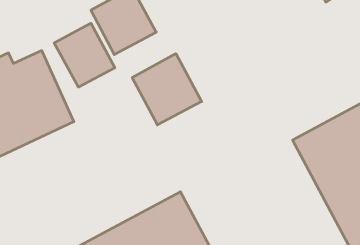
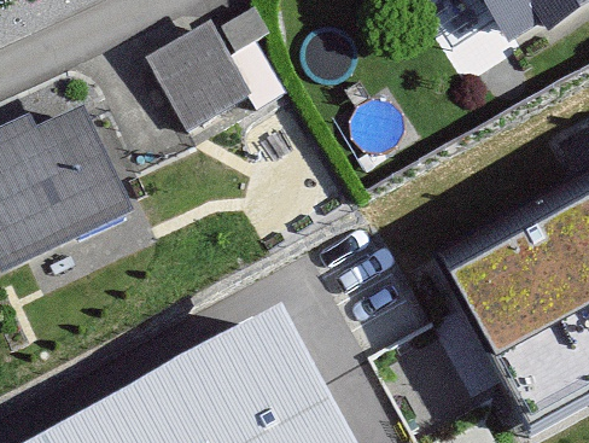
building: [54,23,115,87] -> none
building: [132,54,202,125] -> none

